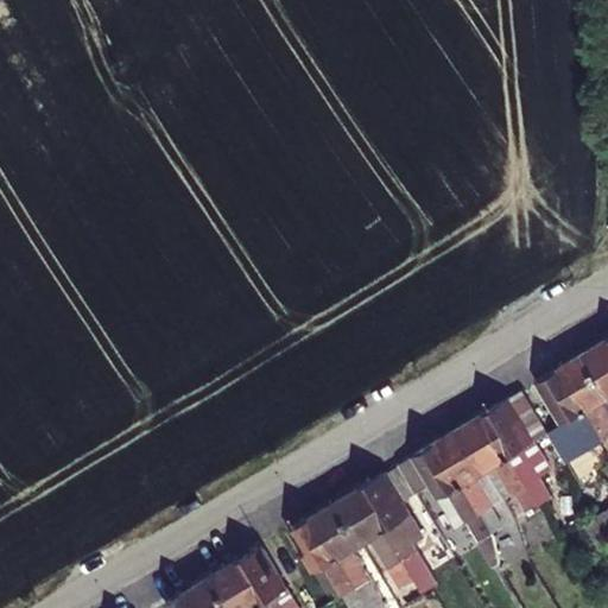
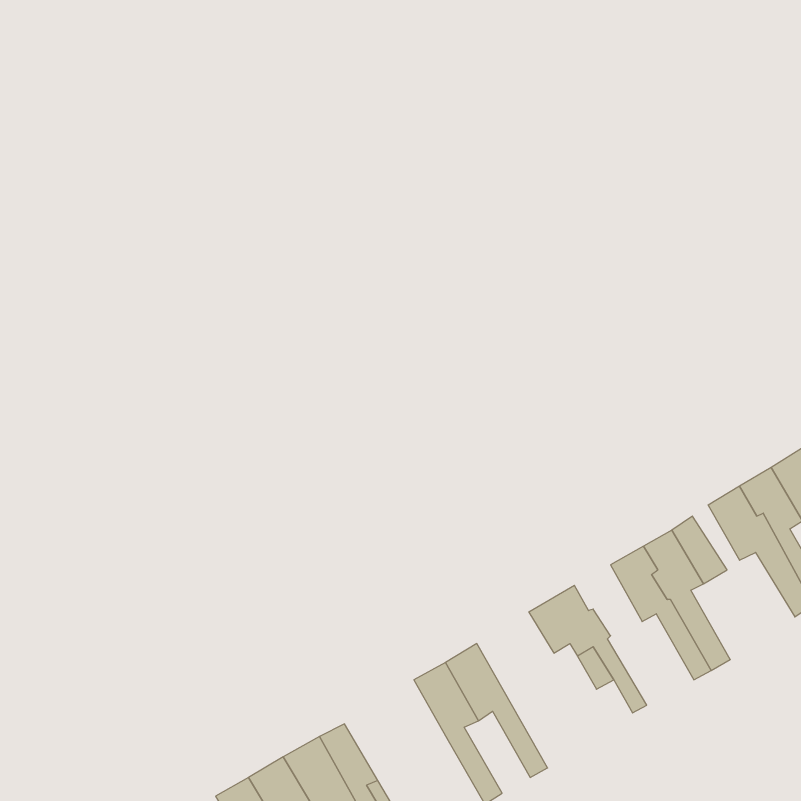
building: [436,429,504,534] -> none
building: [362,475,429,582] -> none
building: [289,515,340,575] -> none

